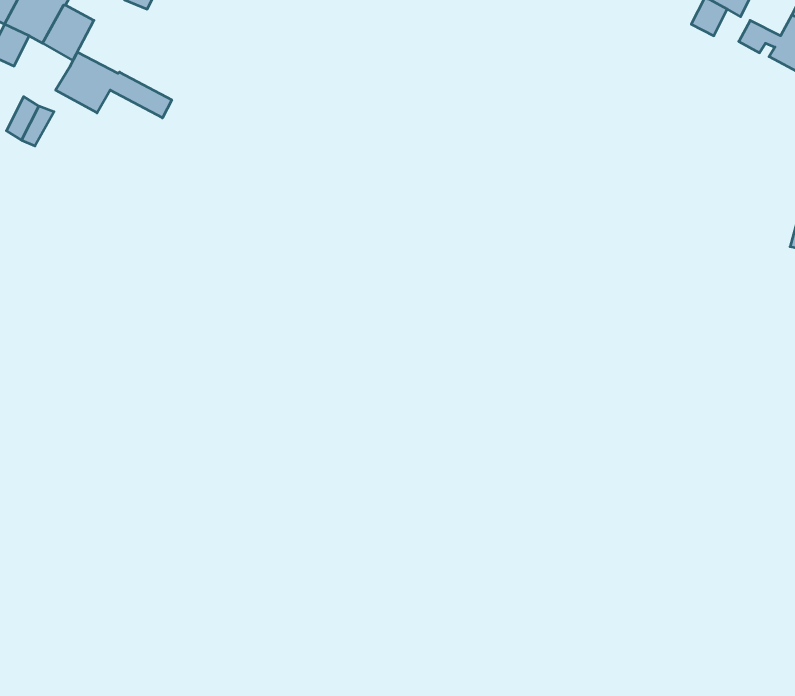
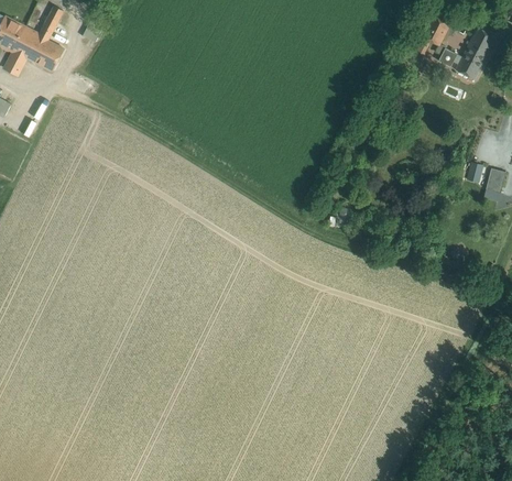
building: [56,52,172,118] -> none

